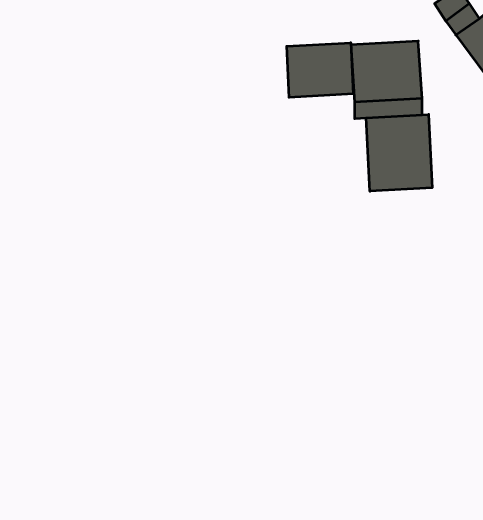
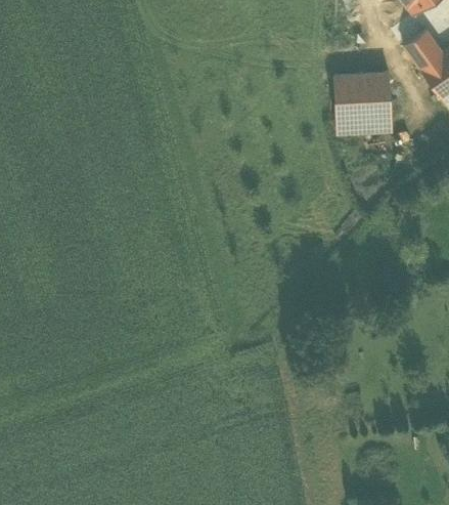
building: [287,43,353,97] -> none
building: [366,114,432,191] -> none

